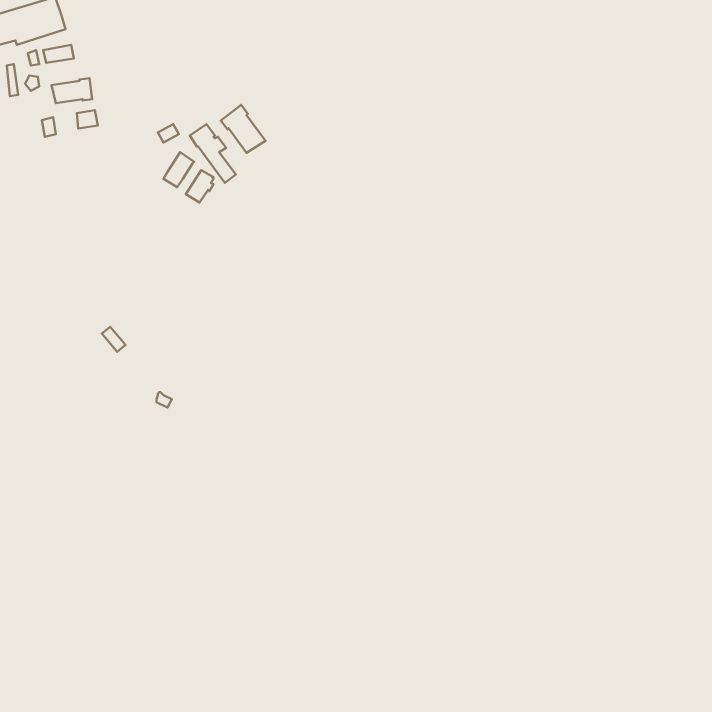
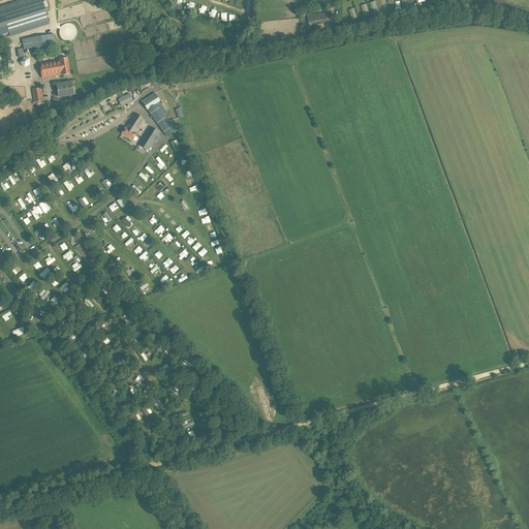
building: [221,105,266,153] -> none

